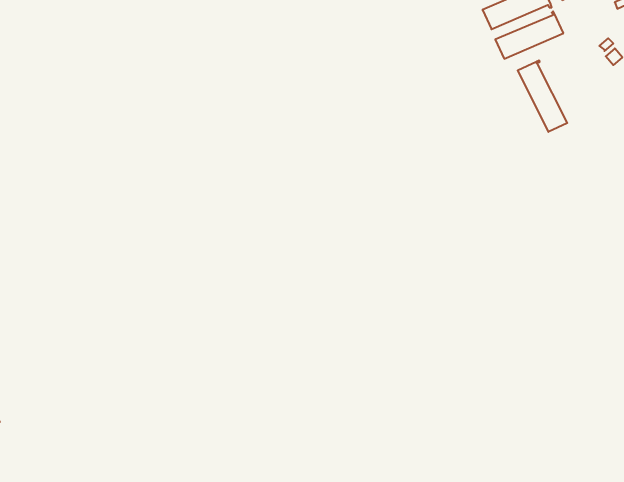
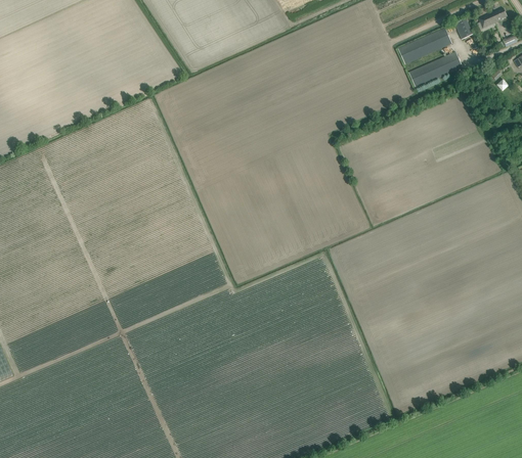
building: [518,60,567,132] -> none

